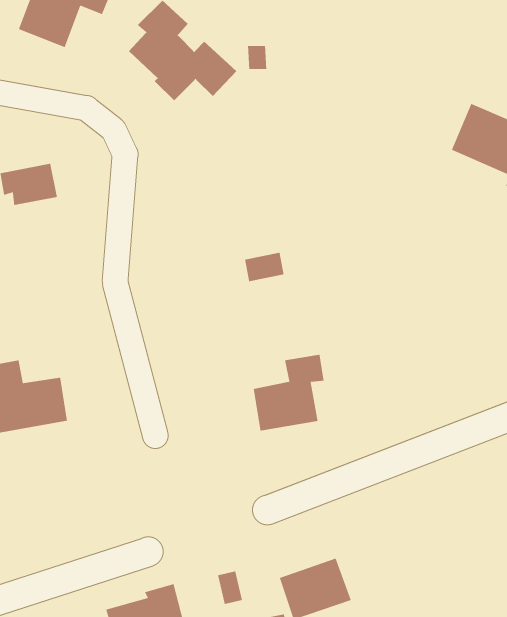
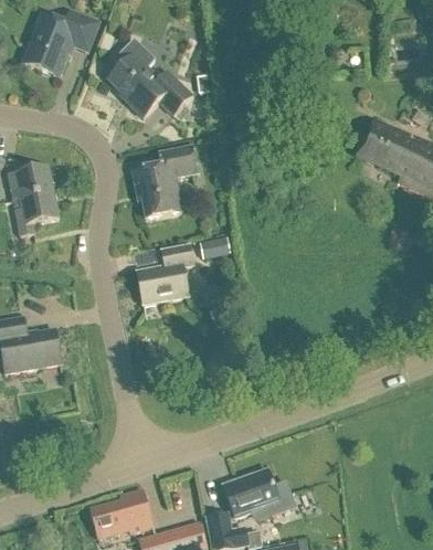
building: none -> [131,145,197,218]
building: none -> [14,191,59,235]
building: [253,354,324,431] -> [137,244,192,304]

